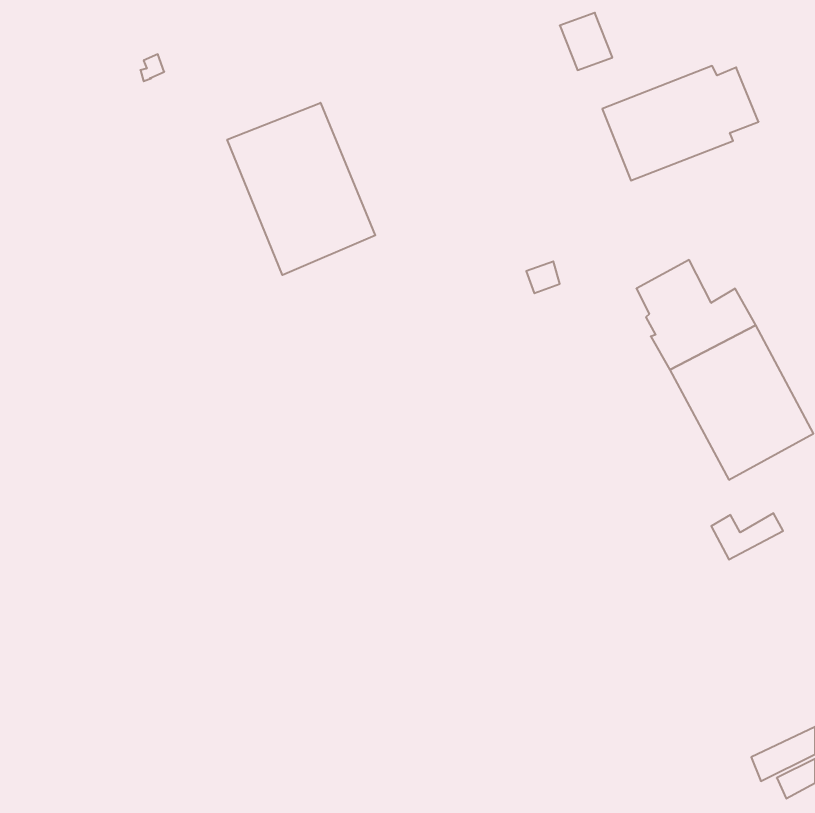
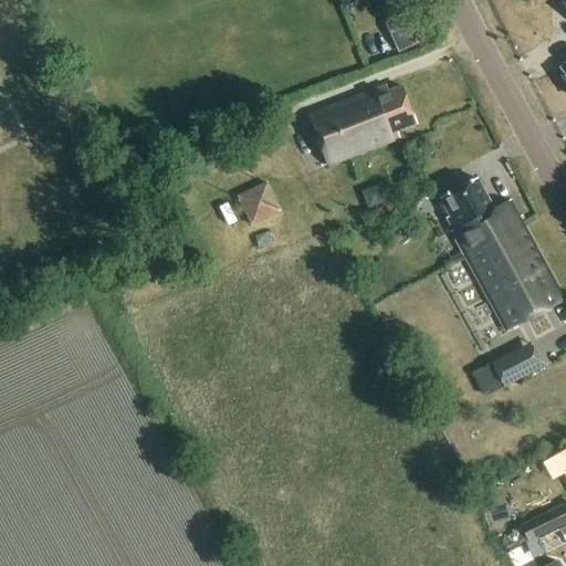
building: [602,66,759,181] -> [308,85,417,165]
building: [227,103,375,275] -> none
building: none -> [240,179,283,221]

